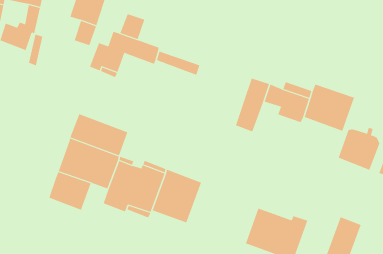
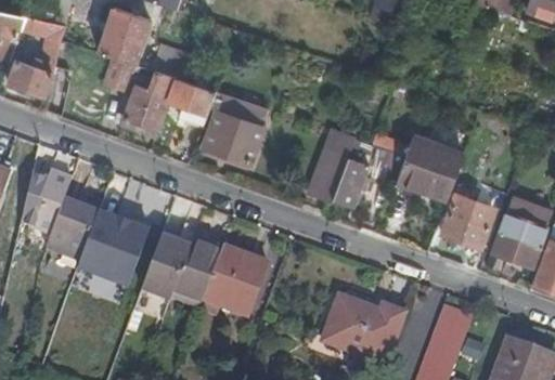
building: none -> [205,110,260,161]
building: none -> [332,160,369,207]
building: none -> [20,170,96,258]

